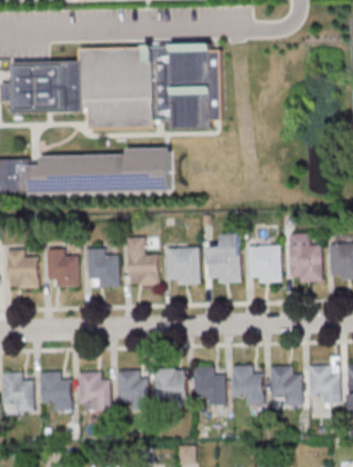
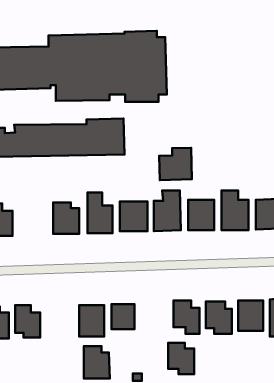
building: none -> [159,148,192,180]
building: [48,248,78,286] -> none
building: [193,368,224,406] -> [168,343,194,374]
building: [79,372,110,411] -> [84,346,110,378]

